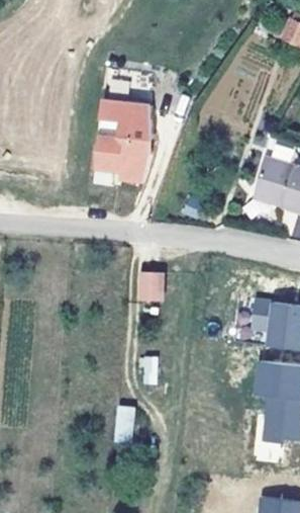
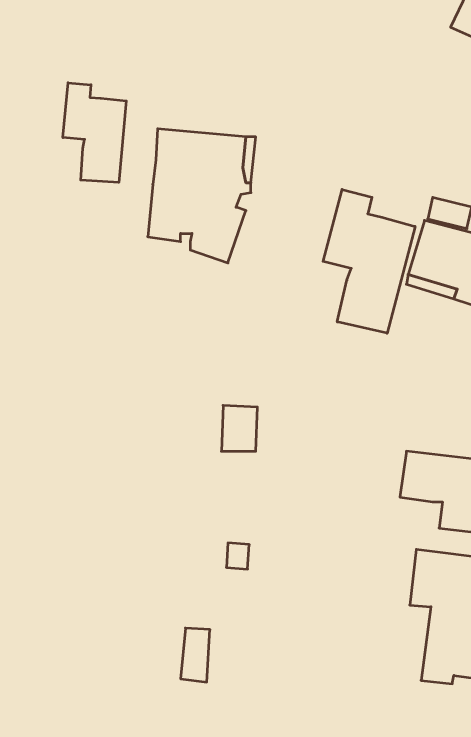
building: none -> [63,83,126,182]
building: none -> [323,189,415,333]

